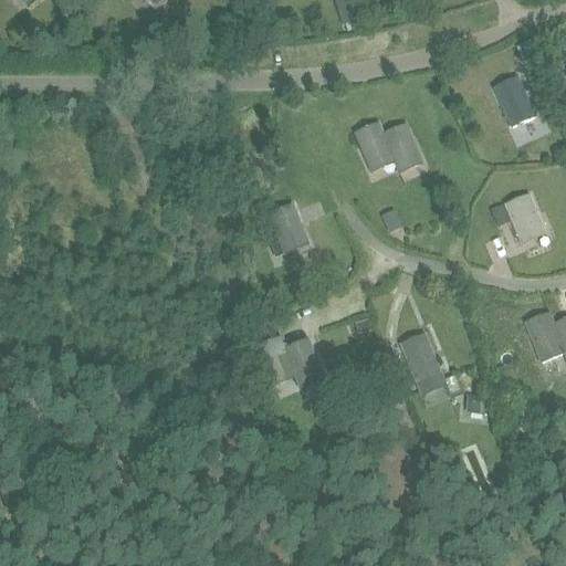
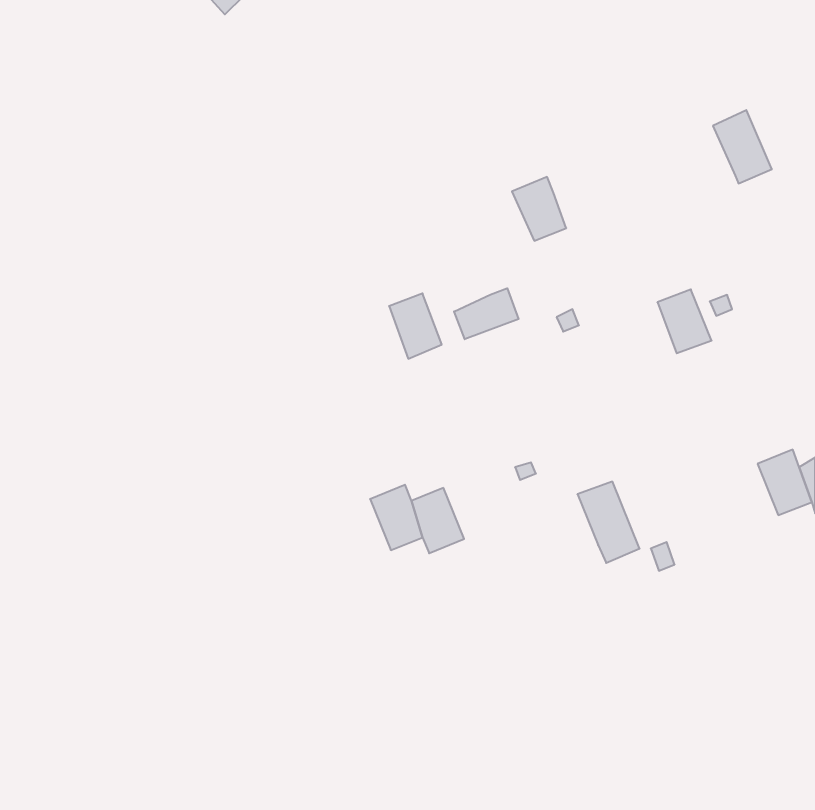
building: [384,124,421,169] -> none
building: [506,195,544,239] -> [657,289,712,353]
building: none -> [454,288,519,339]

